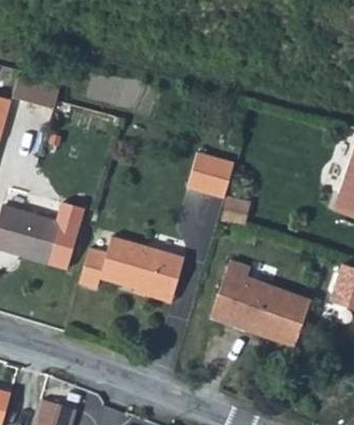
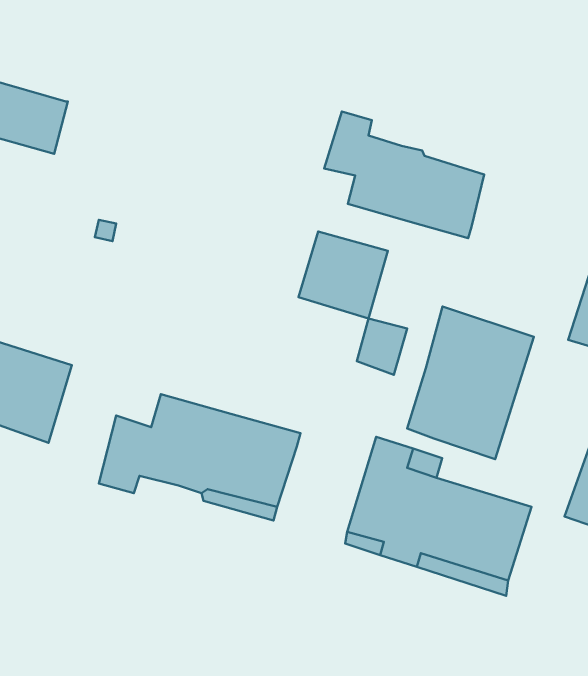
building: none -> [324,112,484,238]
building: none -> [407,307,534,459]

